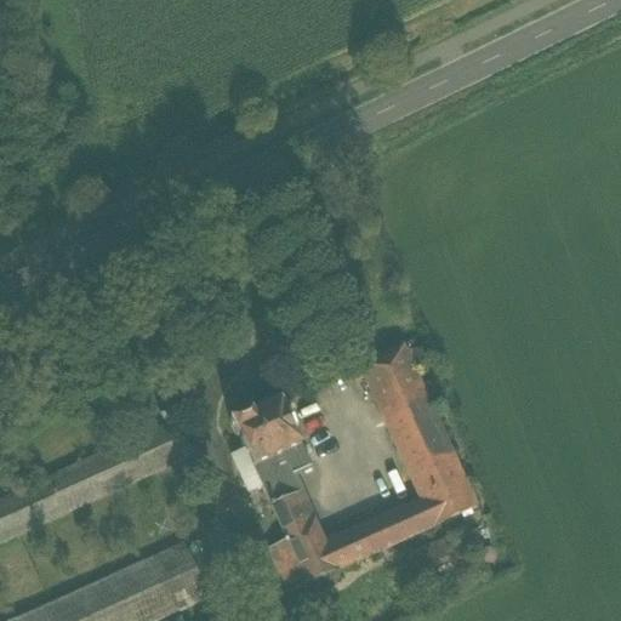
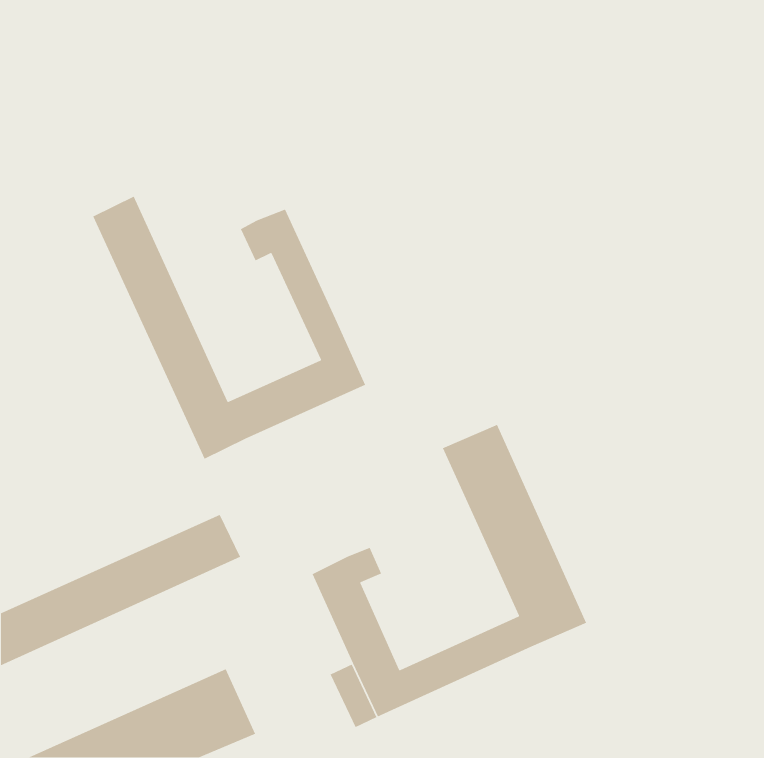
building: none -> [92,196,366,460]
building: [229,398,301,465] -> none

